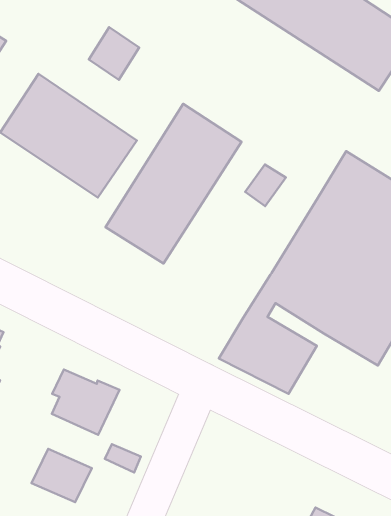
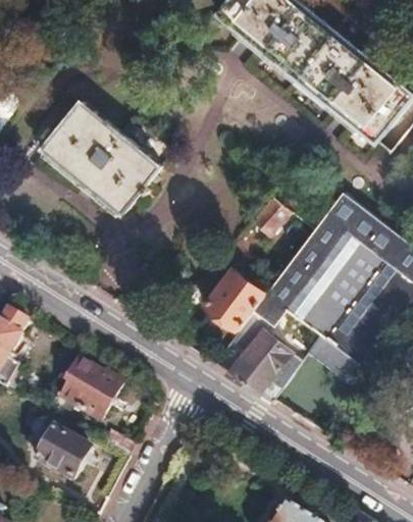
building: [89,27,139,80] -> none
building: [105,104,241,264] -> none
building: none -> [204,267,265,328]

